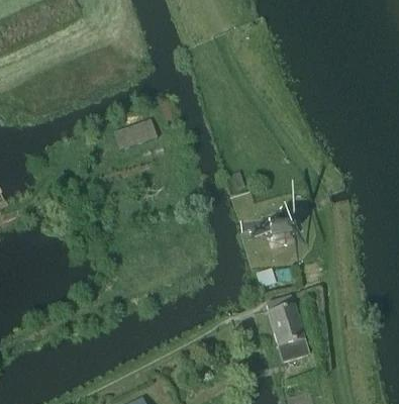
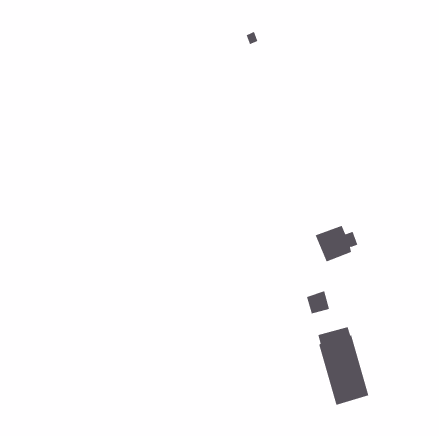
building: [114,119,159,150] -> none

